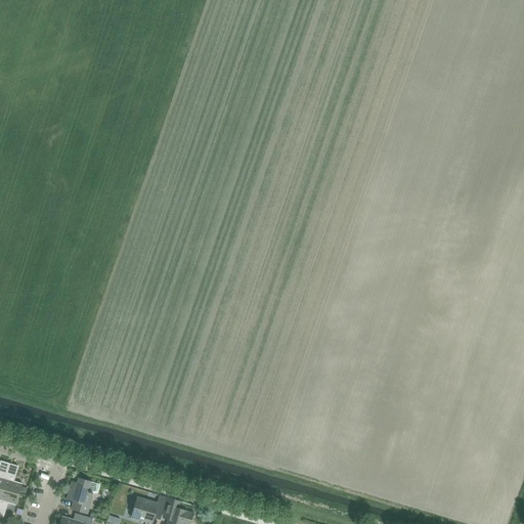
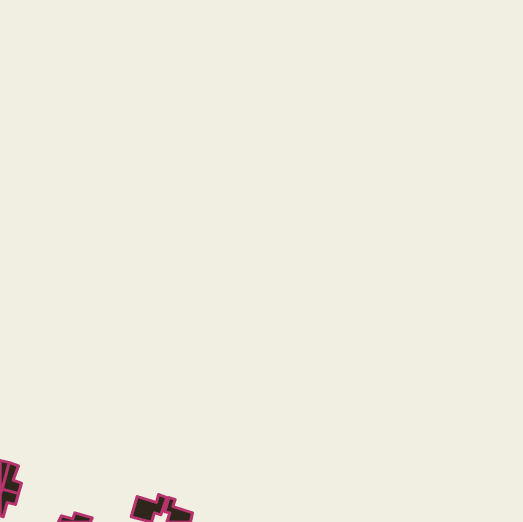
building: [67,477,100,513] -> none

